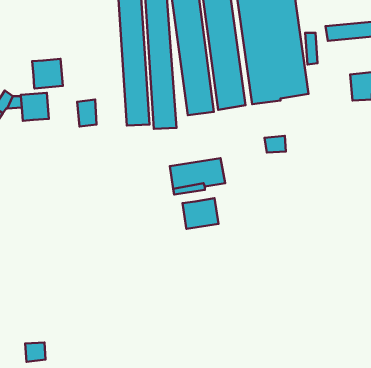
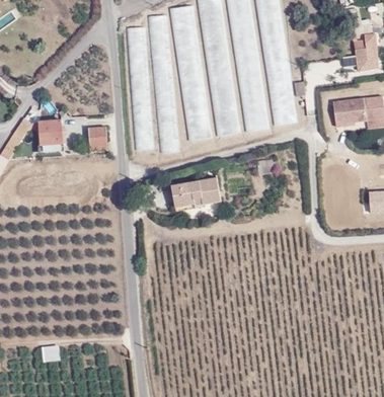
building: [32,59,63,88] -> none
building: [182,198,219,229] -> none

